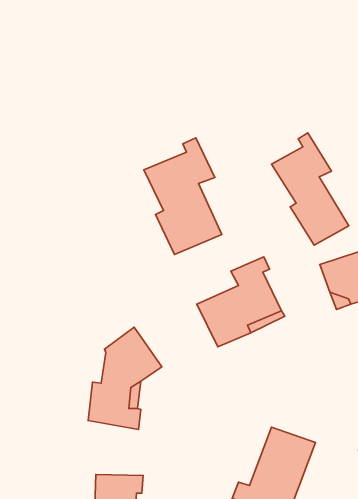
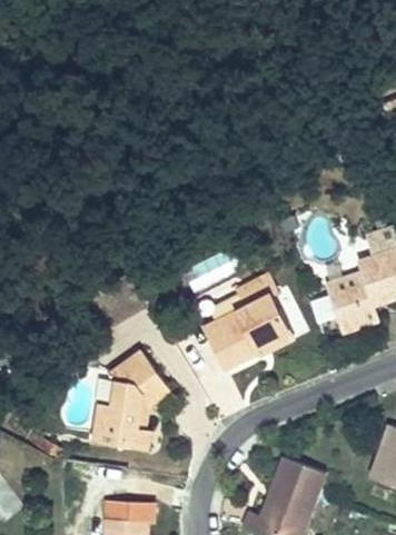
building: [272,133,349,245] -> none
building: [144,138,222,254] -> none

